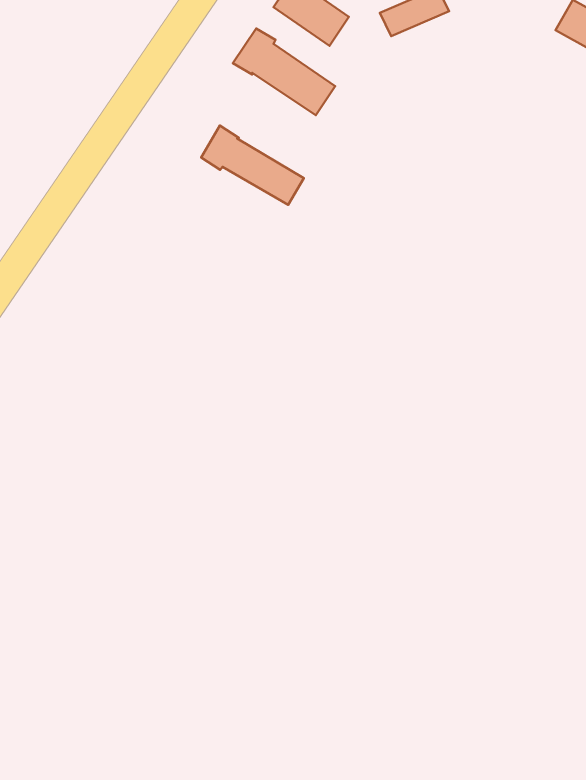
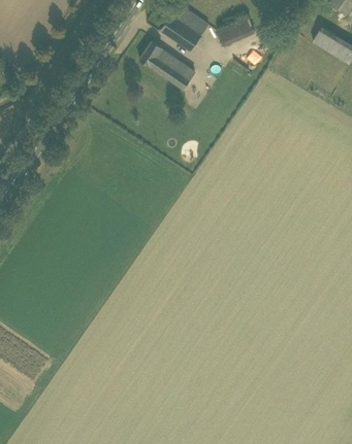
building: [201,126,304,205] -> none

